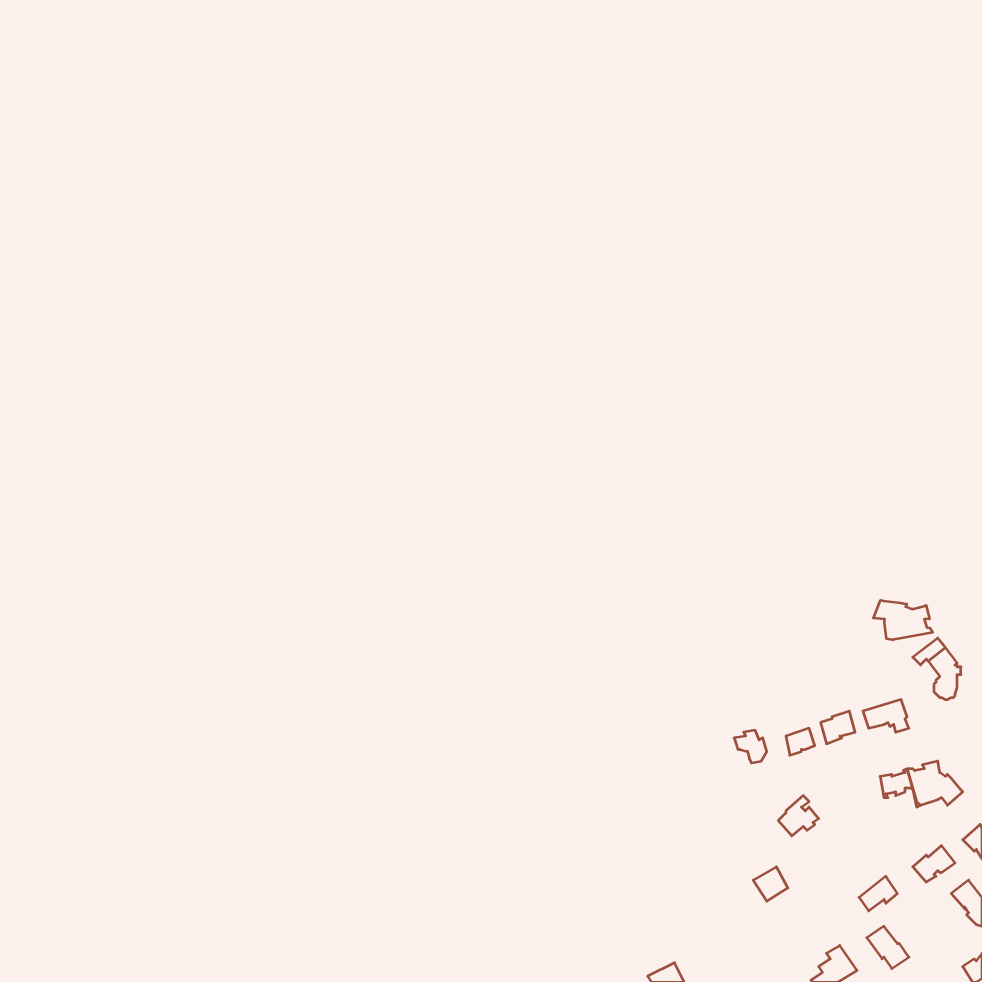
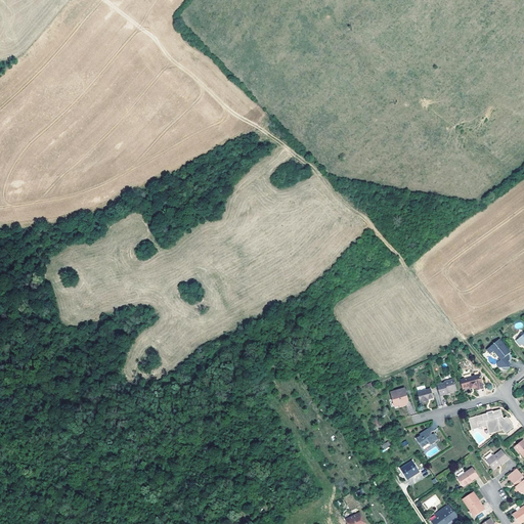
building: [873,600,933,640] -> none

